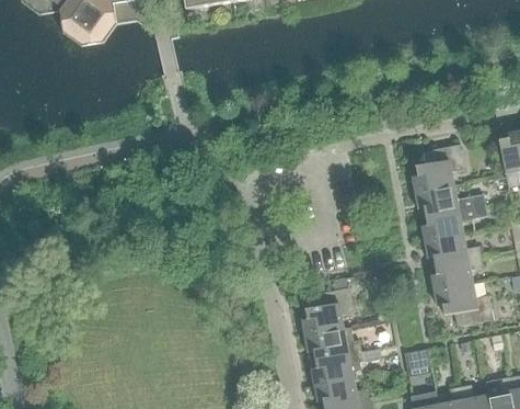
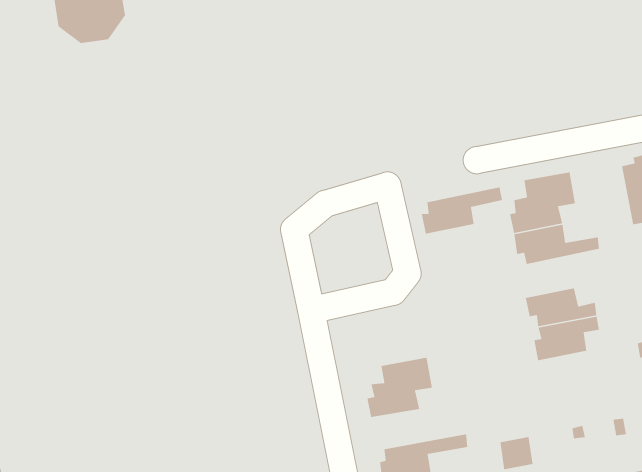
building: [420,203,484,240] -> [421,186,503,235]
building: [434,282,493,325] -> none
building: [304,327,360,357] -> none

